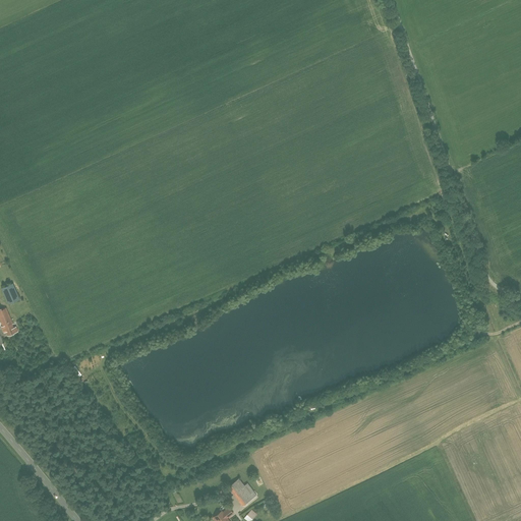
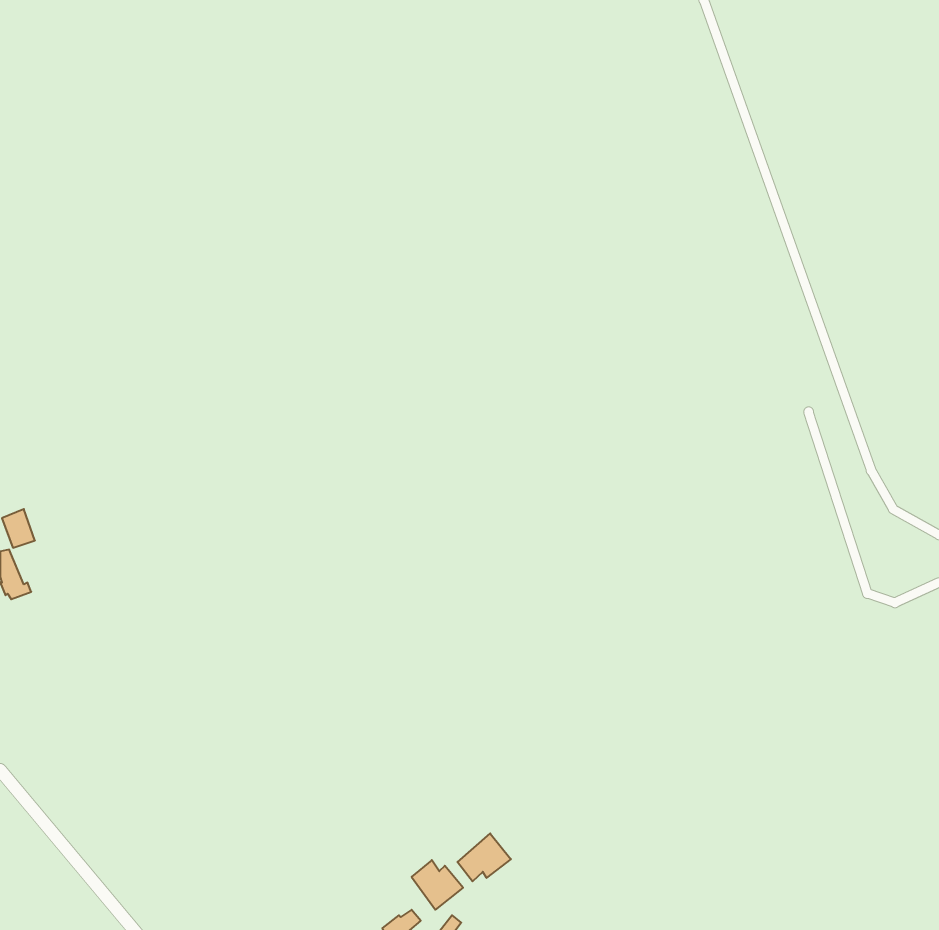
building: none -> [457,833,511,881]

